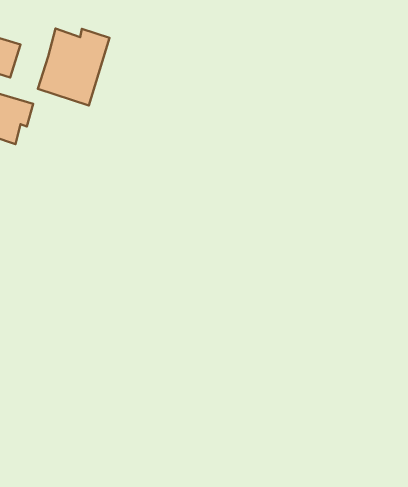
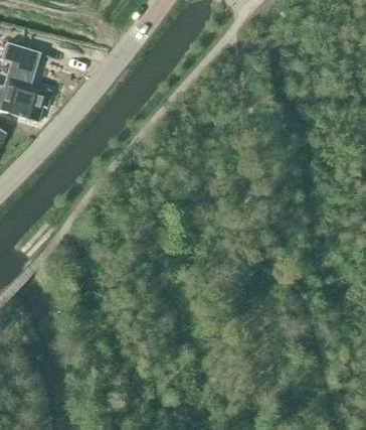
building: [38,28,110,106] -> none

